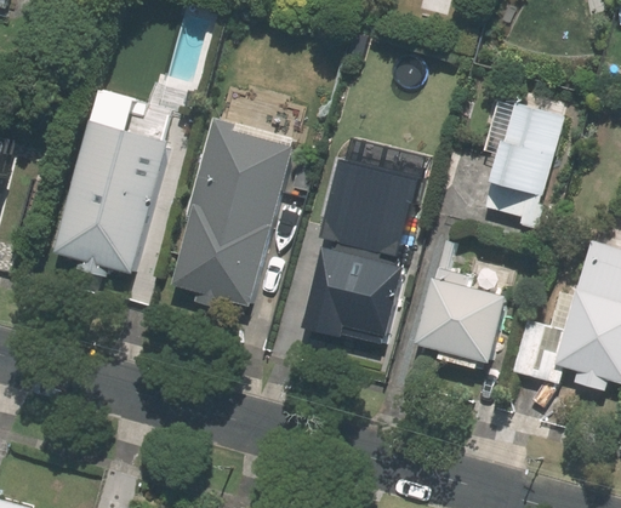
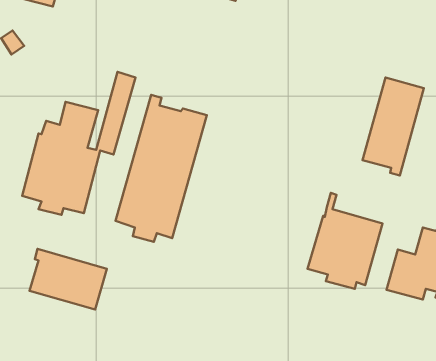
building: [303,158,421,342] -> none
building: none -> [29,249,107,309]

